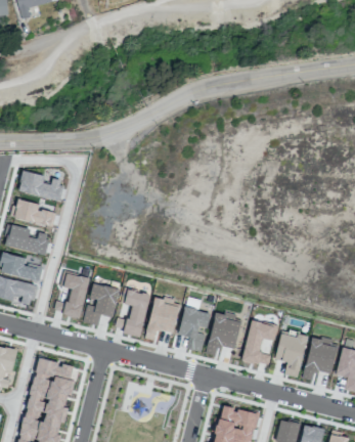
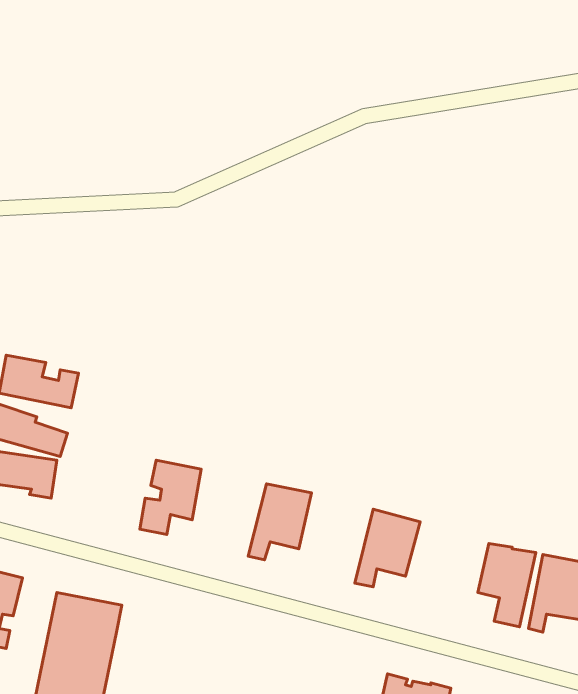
building: [18,171,62,200] -> none
building: [12,198,56,226] -> none
building: [54,272,89,317] -> none
building: [116,290,150,337] -> none
building: [179,307,211,352] -> none
building: [242,320,278,365] -> none

